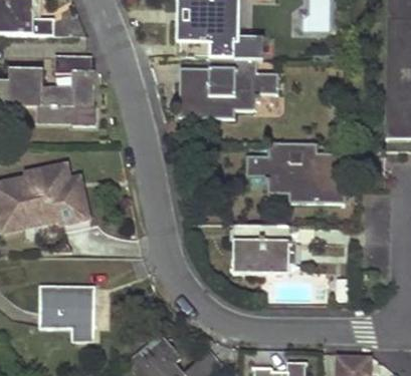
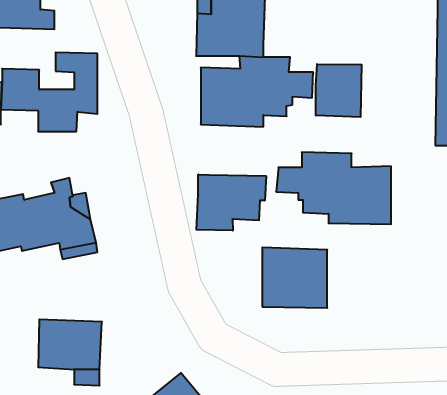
building: none -> [316,64,362,117]
building: none -> [196,174,266,231]

